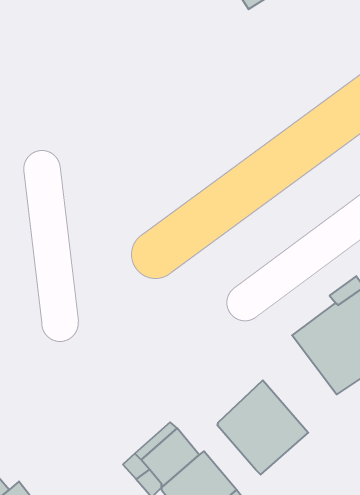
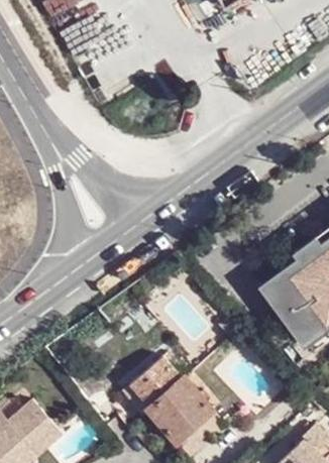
building: [218,380,308,475] -> none

